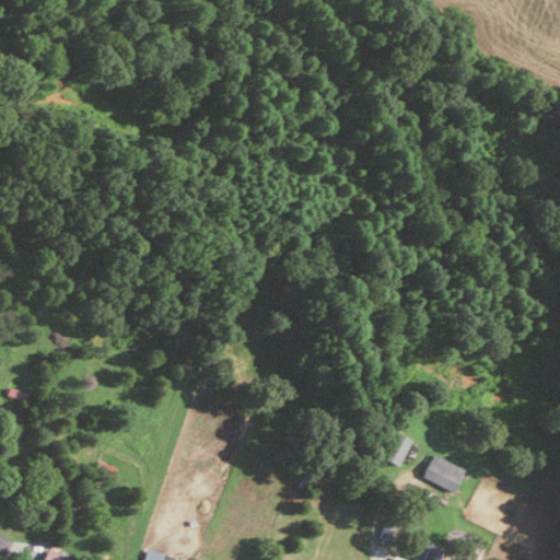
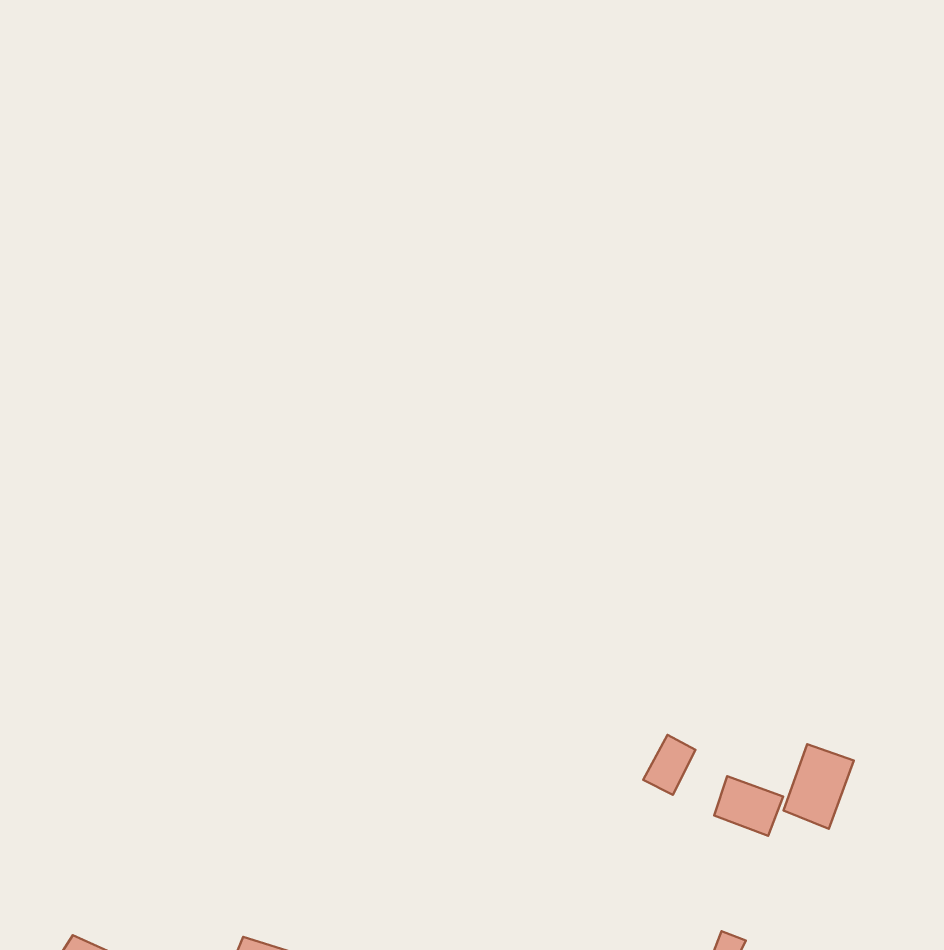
building: none -> [783,744,854,829]

